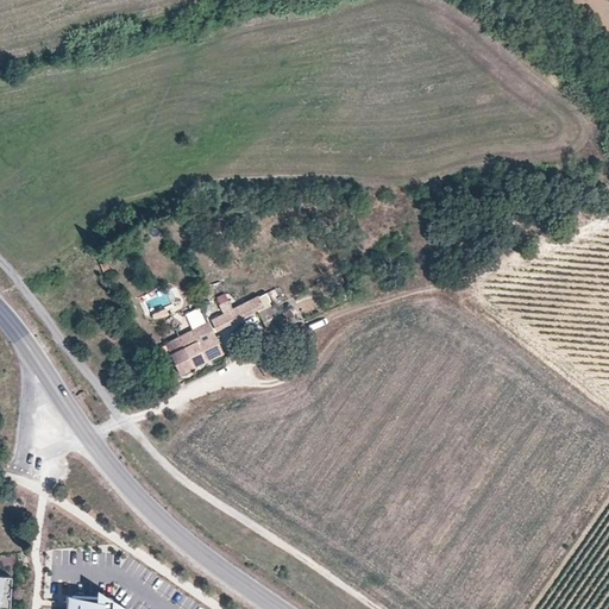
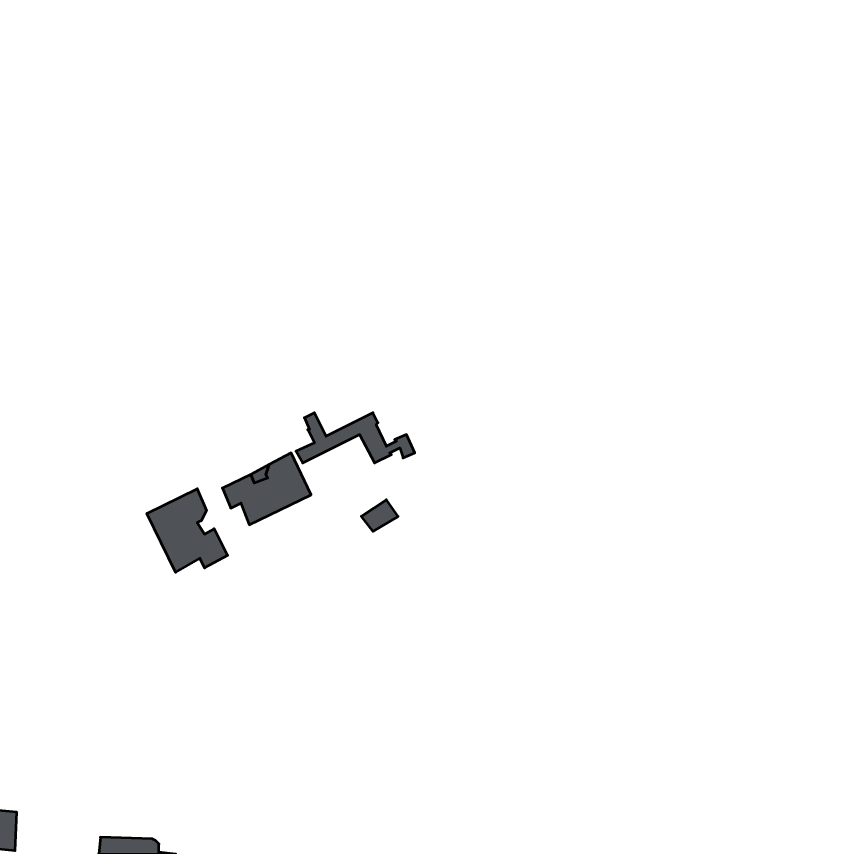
building: none -> [147,489,228,572]

